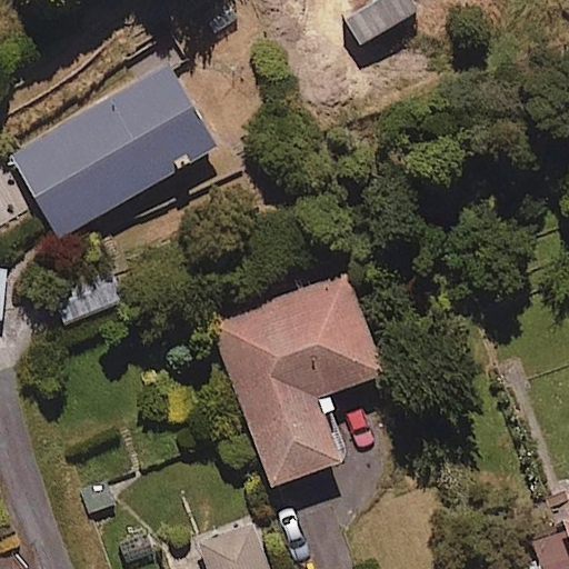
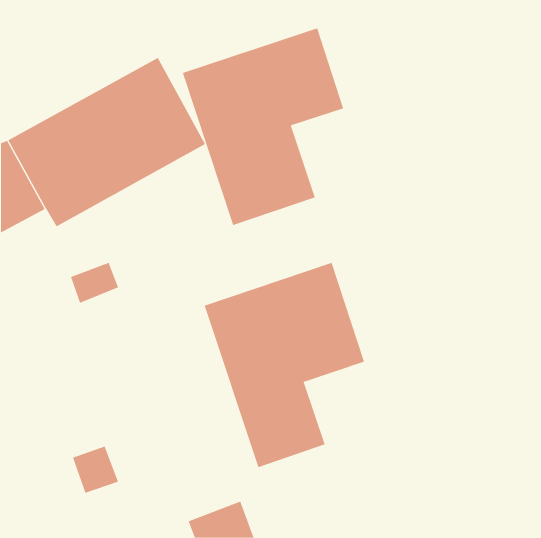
building: none -> [182,27,344,226]

